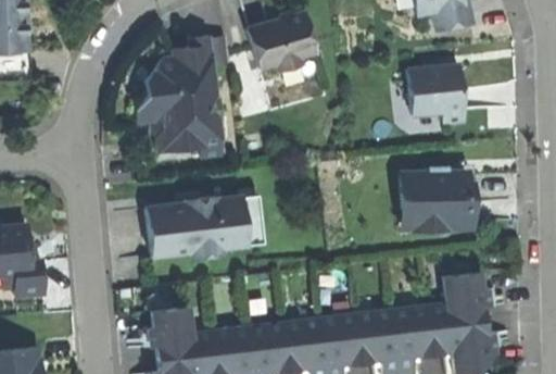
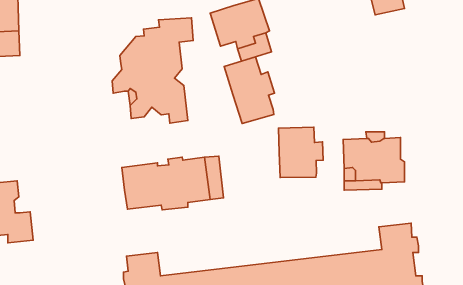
building: [407,65,465,124] -> none
building: none -> [224,57,275,123]
building: none -> [279,127,323,177]

